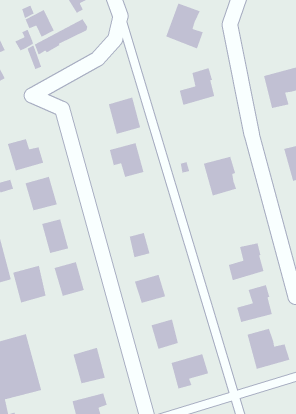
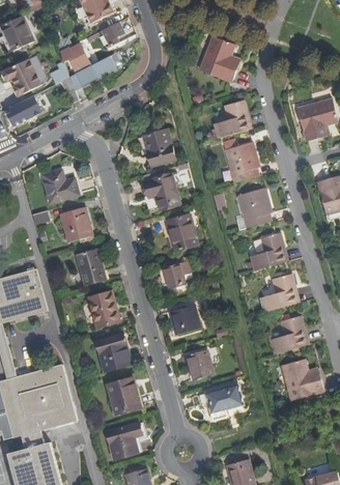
building: none -> [224,141,258,181]
building: none -> [166,213,196,250]
building: none -> [250,230,286,269]
building: [12,265,47,303] -> [95,333,130,371]

